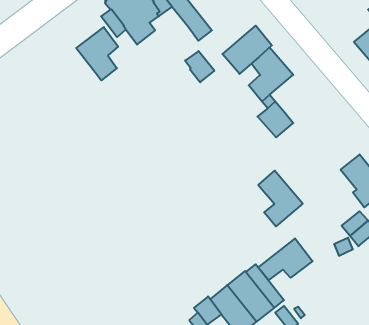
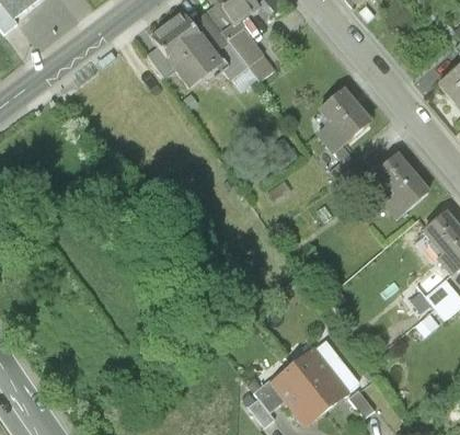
building: [222,26,272,74] -> none
building: [76,27,118,80] -> none
building: [185,51,214,82] -> [214,42,248,78]
building: [258,171,303,226] -> [377,153,428,218]
building: [258,238,313,280] -> none

